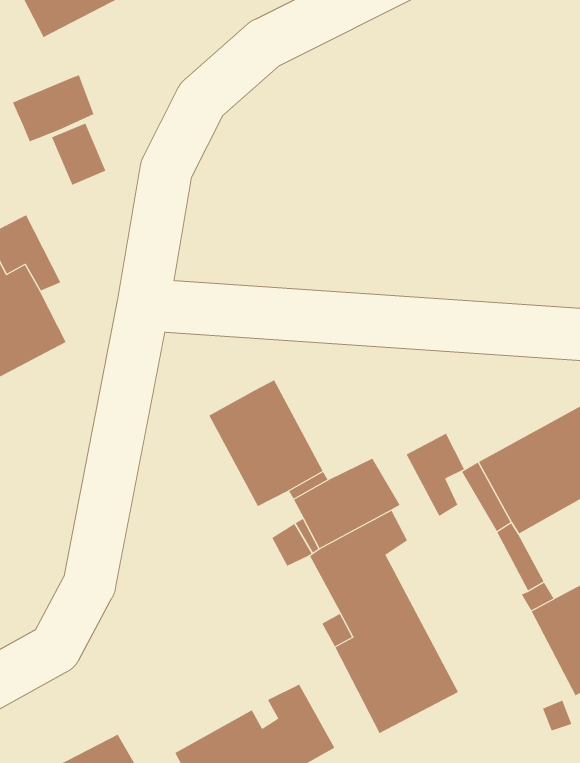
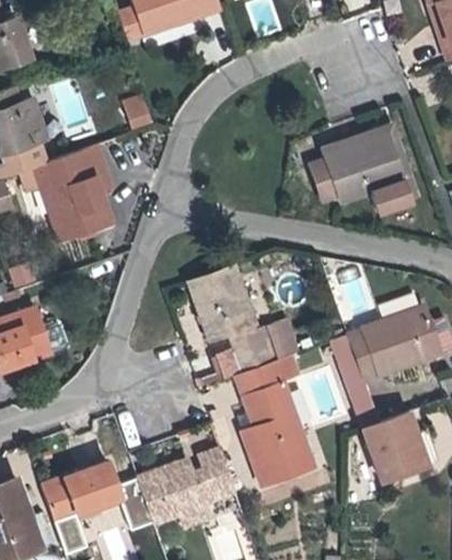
building: [12,74,94,142] -> none
building: none -> [312,135,412,210]
building: [406,433,465,517] -> none

